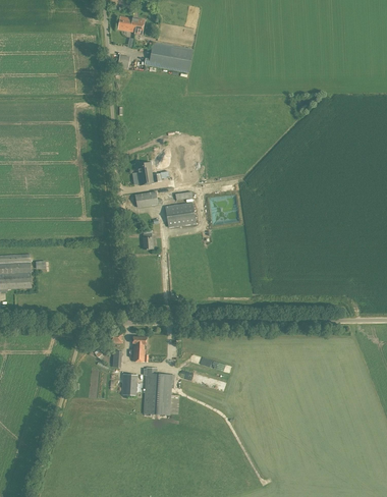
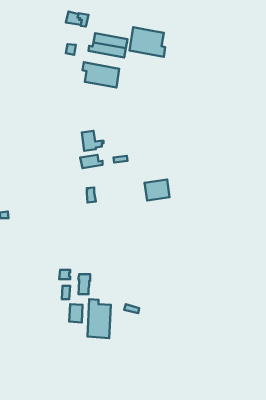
building: none -> [129,27,165,57]
building: none -> [83,62,119,88]
building: [165,202,196,227] -> [145,180,170,200]

